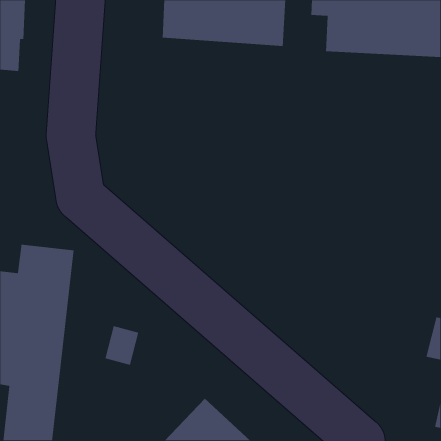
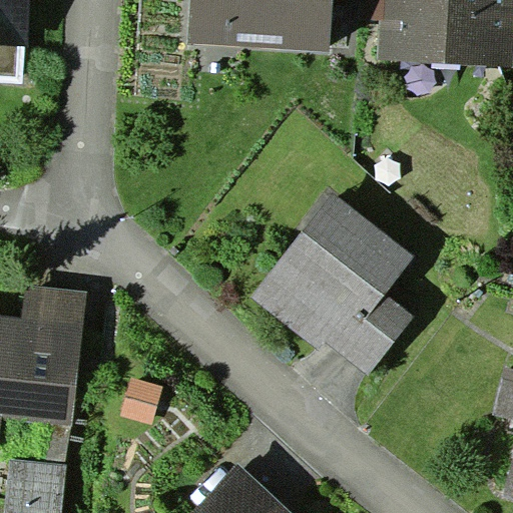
building: none -> [250,192,415,374]

